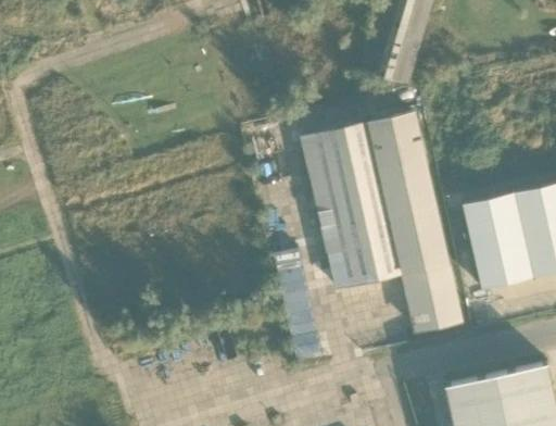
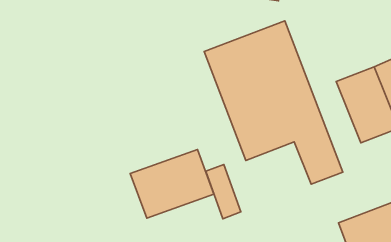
building: none -> [130,149,214,218]

